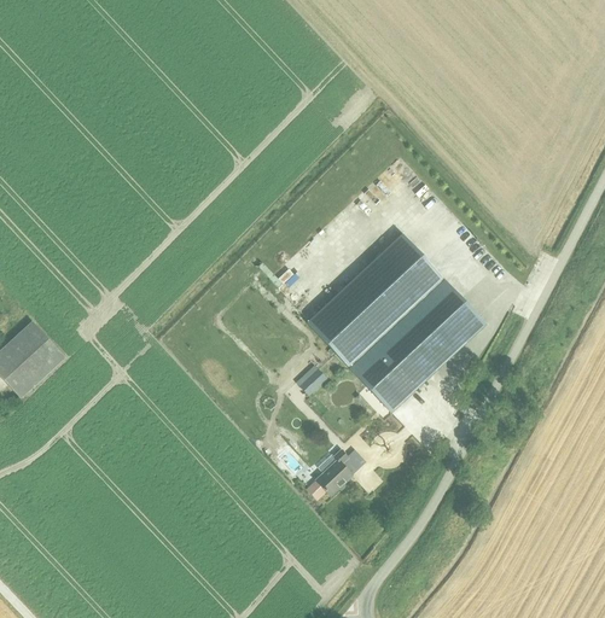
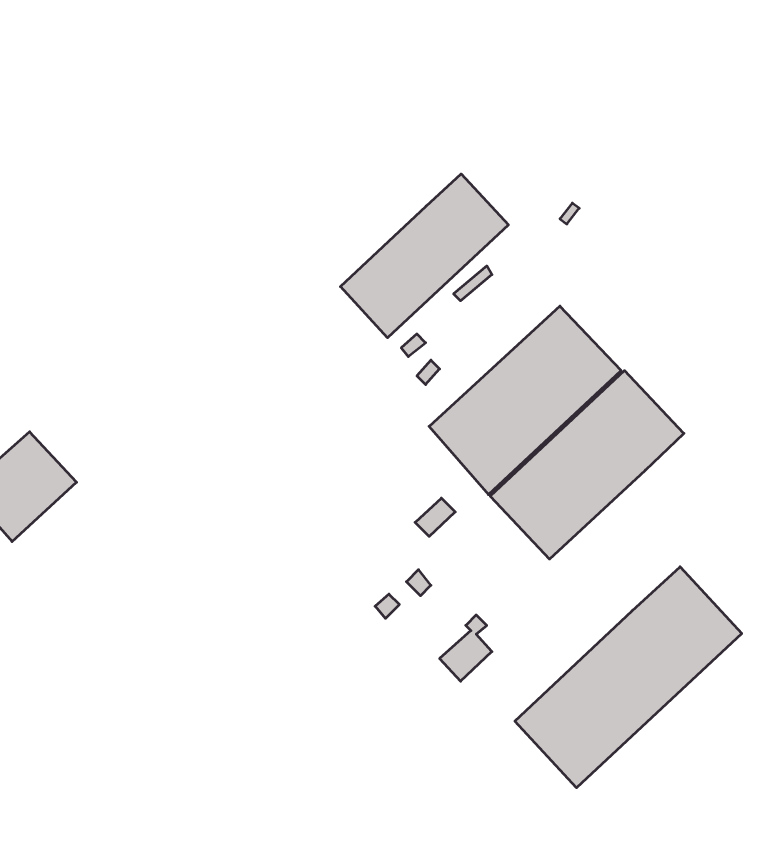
building: none -> [340,174,508,338]
building: none -> [515,567,742,788]

